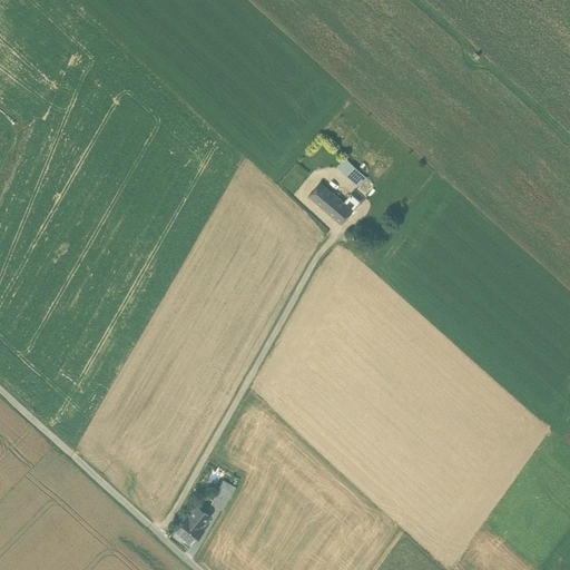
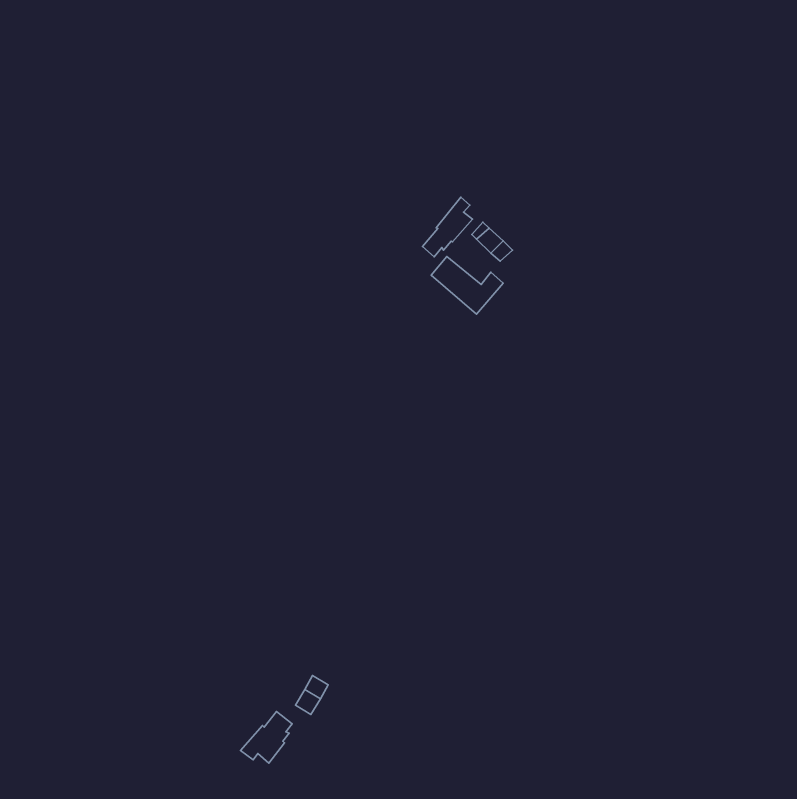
building: none -> [422,197,473,257]

